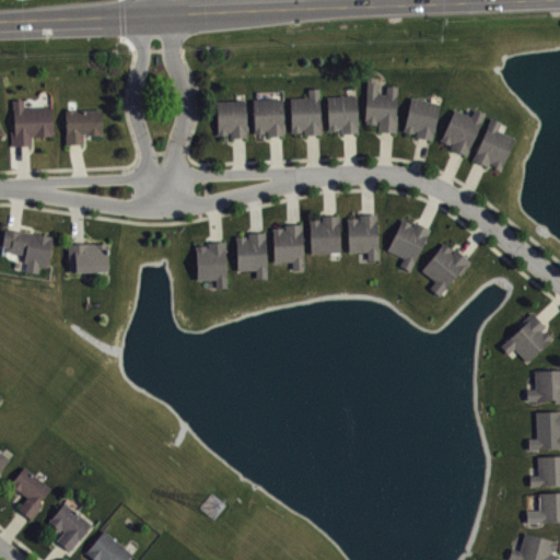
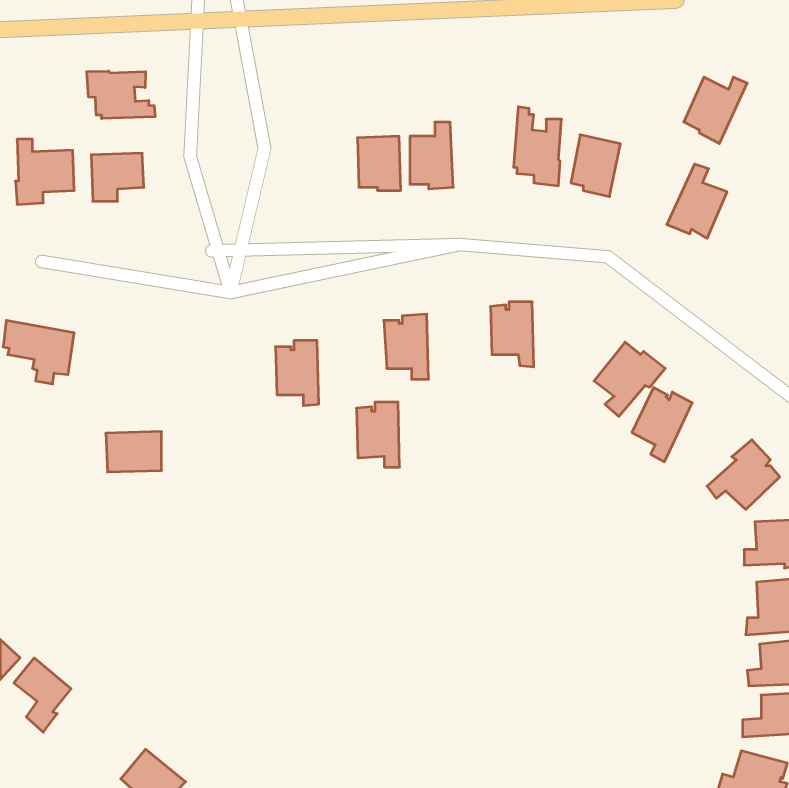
building: none -> [87,71,155,119]
building: [328,96,359,133] -> none
building: [215,101,247,138] -> none
building: [441,109,486,156] -> [684,77,747,144]
building: [310,217,340,254] -> none
building: [387,219,430,271] -> [632,387,692,462]
building: [236,233,267,279] -> [356,402,400,467]
building: [69,244,108,272] -> [106,432,162,472]
building: [49,503,91,551] -> none

